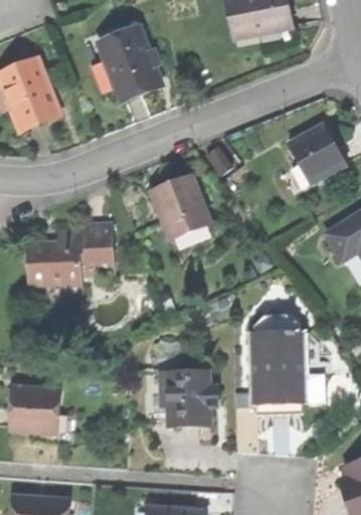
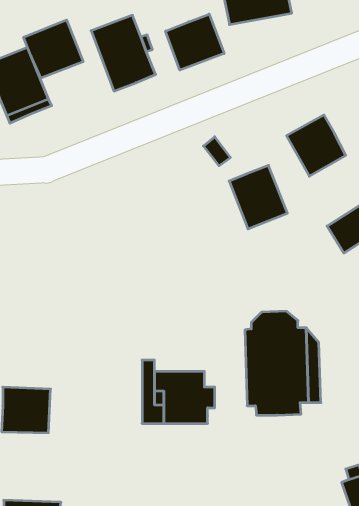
building: none -> [166,14,224,70]
building: none -> [24,20,83,78]
building: [154,177,210,238] -> [229,165,287,229]
building: [25,224,112,292] -> none

